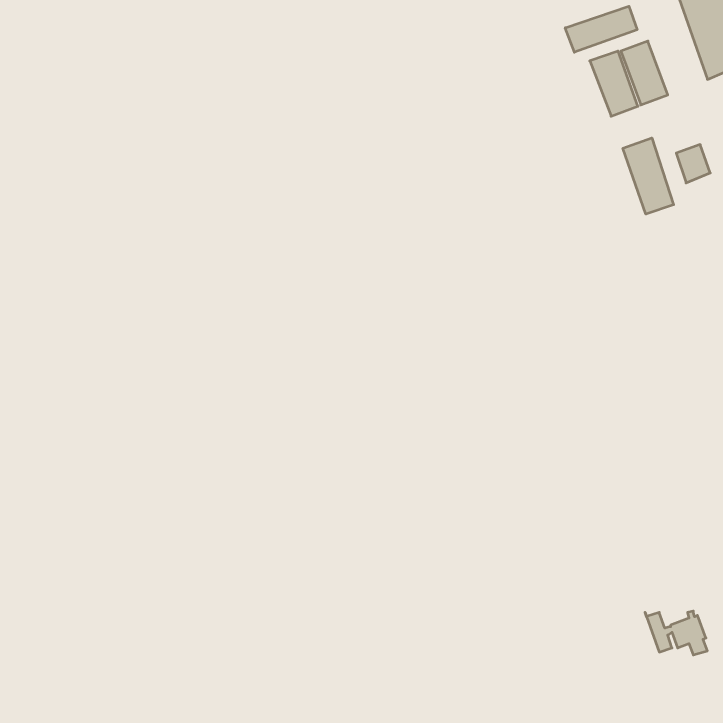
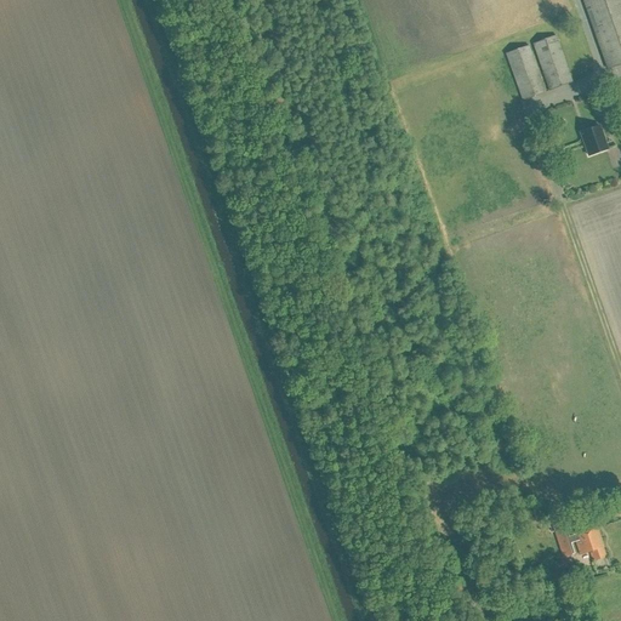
building: [565,6,637,52] -> none
building: [623,138,674,214] -> none

